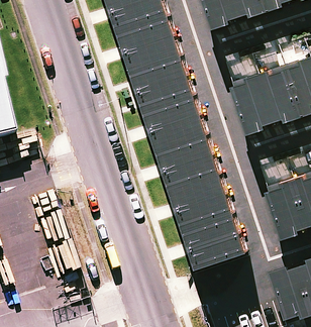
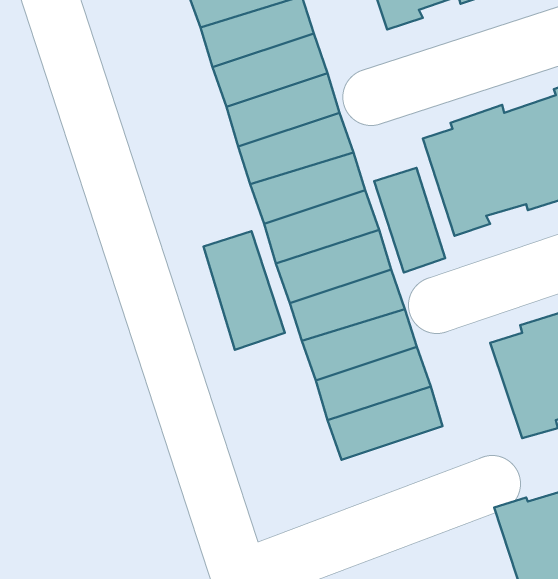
building: none -> [374,168,445,272]
building: none -> [204,231,285,350]
building: [189,231,247,267] -> none

